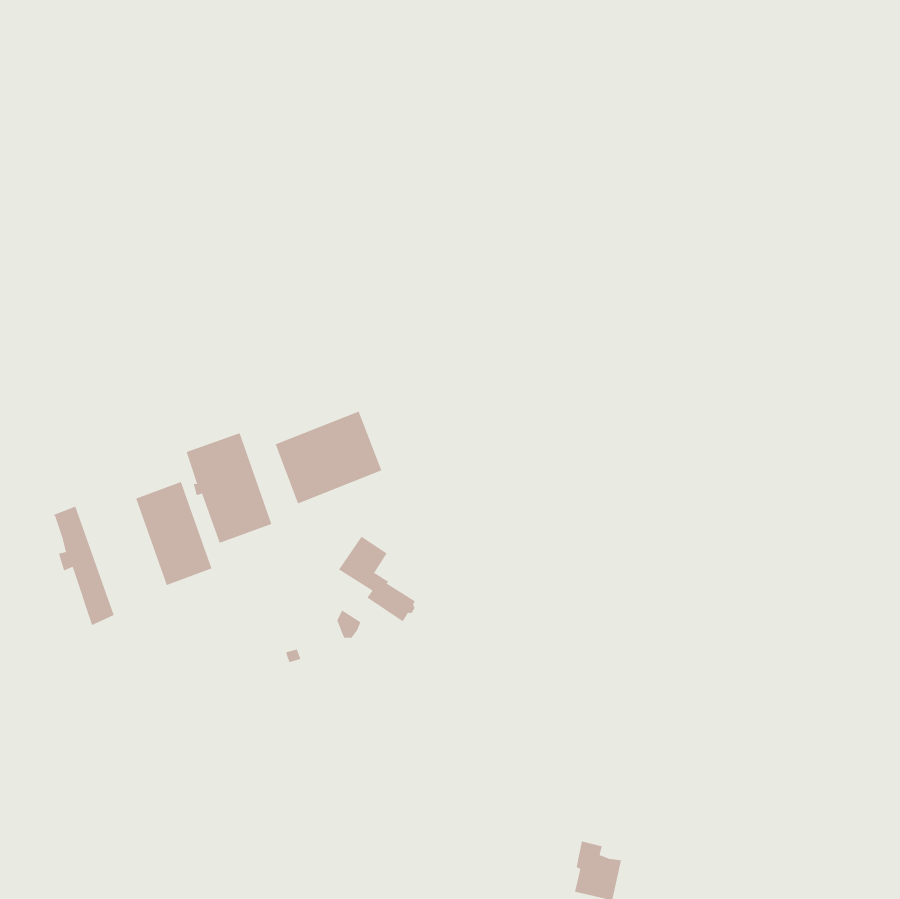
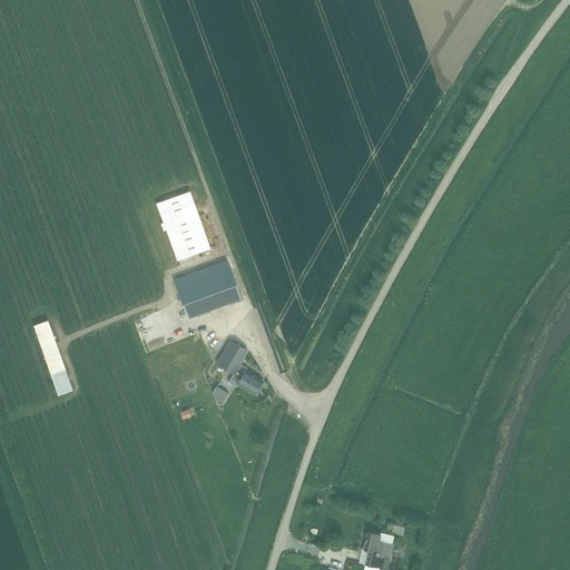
building: [186,432,272,543] -> [156,191,210,262]
building: [135,481,212,586] -> none

